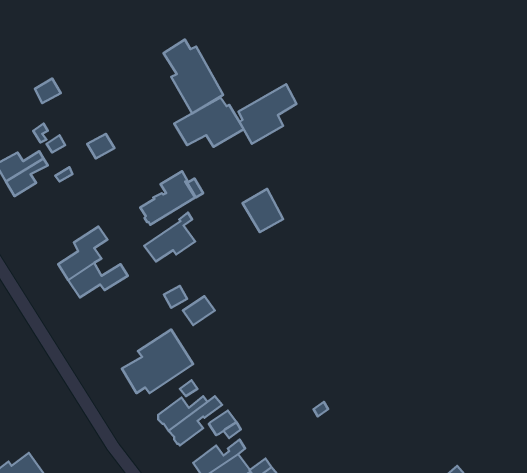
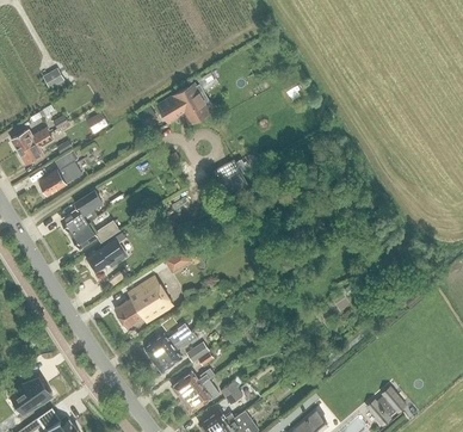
building: [164,39,223,113] -> none
building: [239,84,297,144] -> none
building: [140,171,195,225] -> [38,152,84,196]
building: [144,212,195,262] -> [85,232,126,272]

